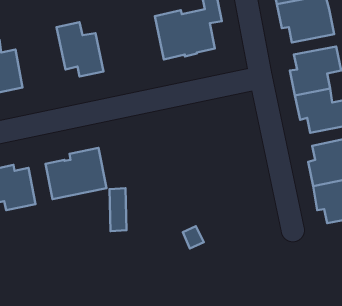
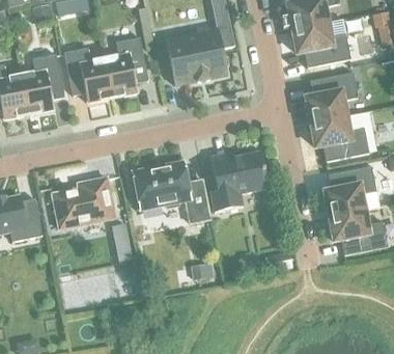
building: none -> [104,36,148,98]
building: none -> [21,54,64,114]
building: none -> [209,152,268,212]
building: none -> [131,161,209,222]

